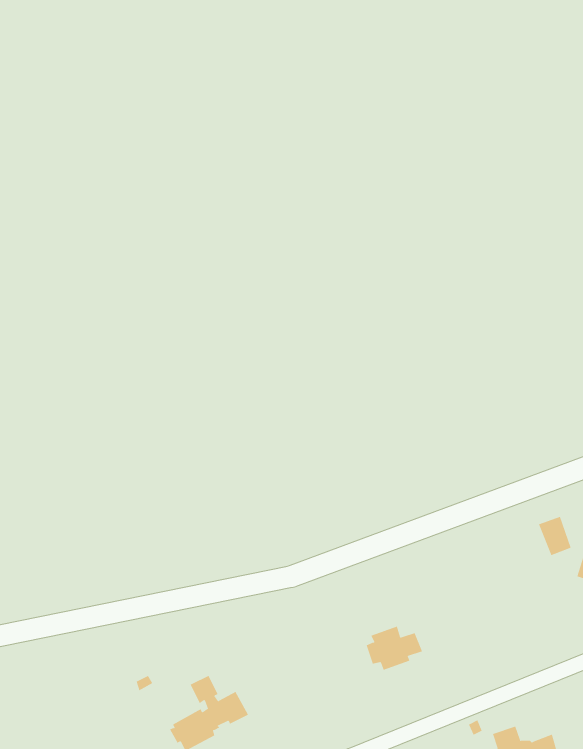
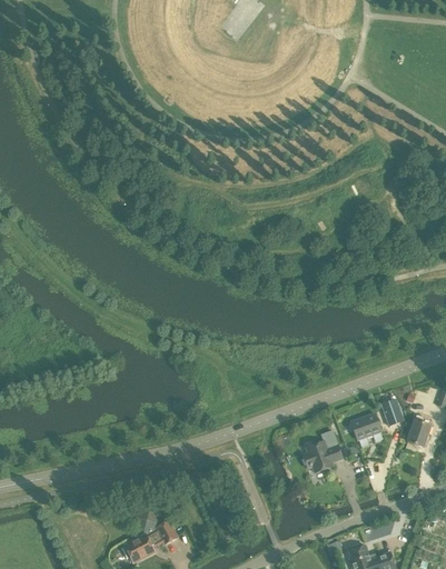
building: none -> [351,412,380,439]
building: [366,626,423,671] -> [303,440,343,471]

